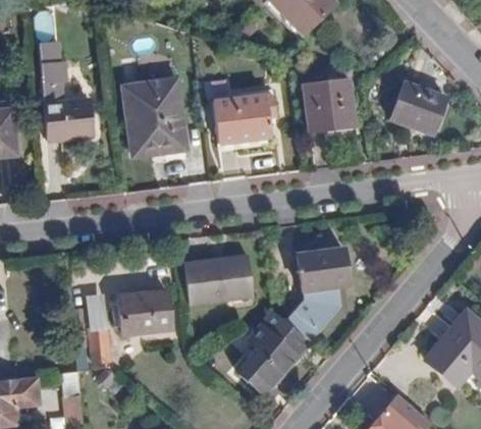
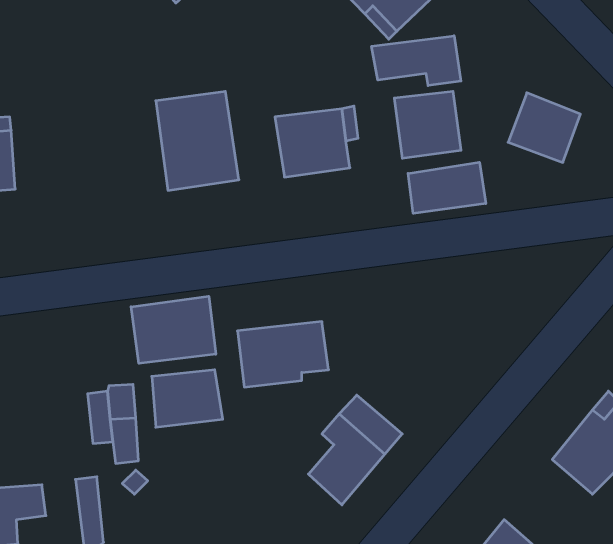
building: none -> [372,36,461,86]
building: [39,39,93,141] -> none
building: none -> [408,162,486,213]
building: none -> [131,296,216,363]
building: [298,248,350,316] -> none

